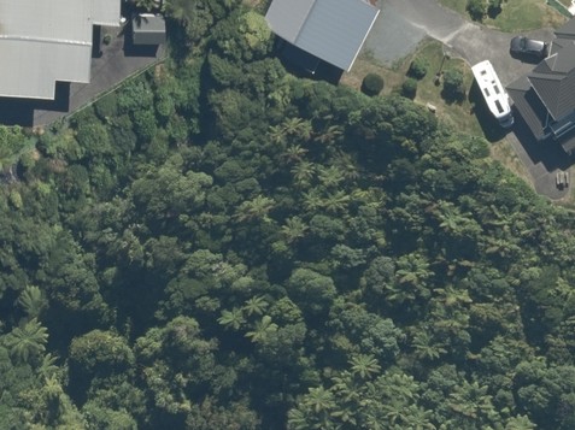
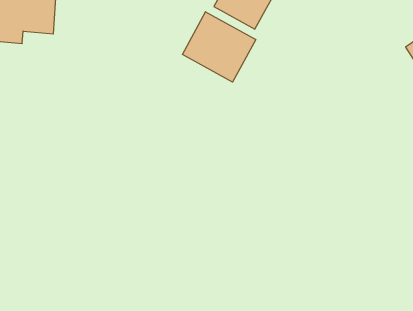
building: none -> [182,12,256,82]

